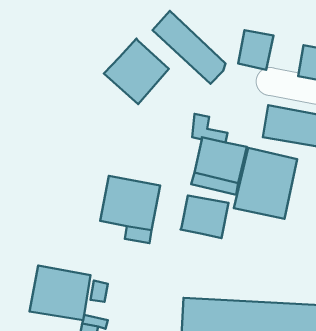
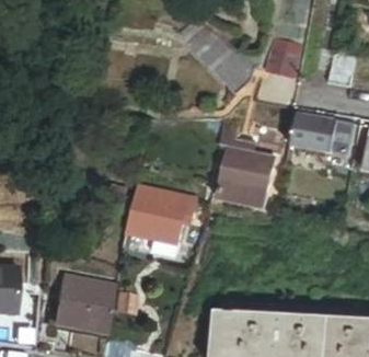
building: [104,38,169,104] -> none
building: [234,148,297,219] -> none
building: [181,195,228,238] -> none

